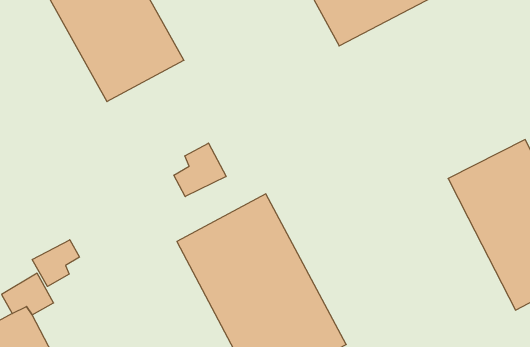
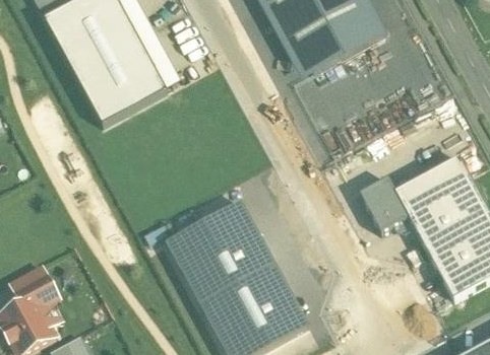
building: [174,143,226,197] -> none
building: none -> [359,176,414,235]
building: [32,240,79,286] -> none

